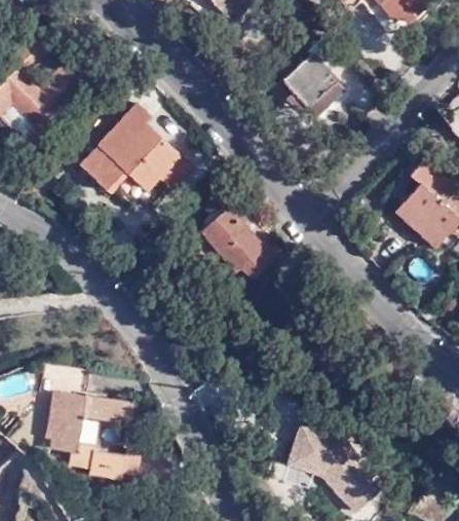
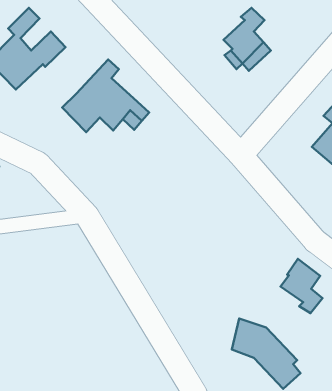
building: [201,207,274,284] -> none
building: none -> [281,259,323,313]
building: [41,367,141,484] -> none

